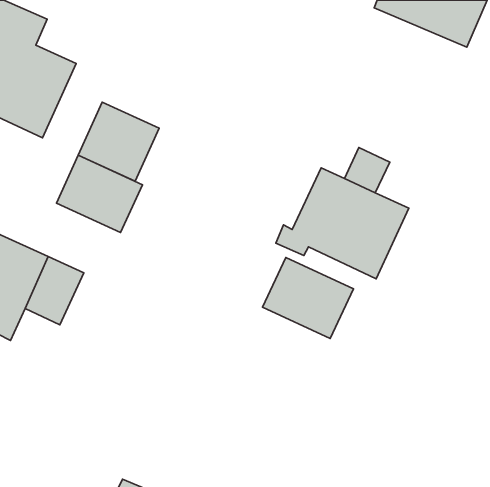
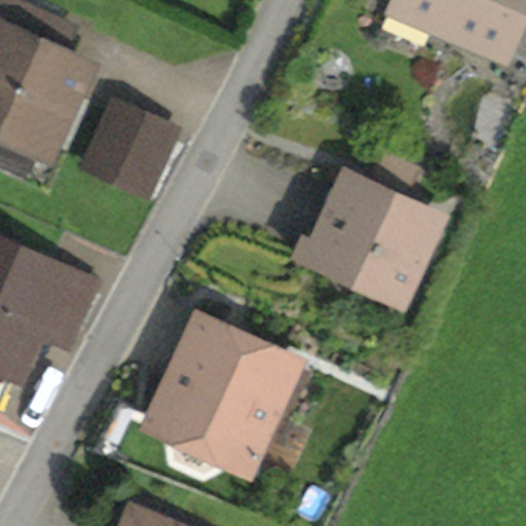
building: [56,155,142,233] -> none
building: [263,258,353,339] -> none
building: none -> [153,329,290,467]

